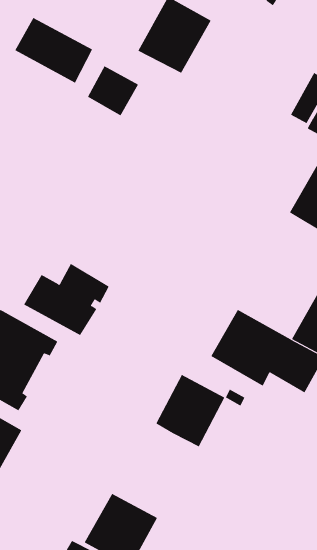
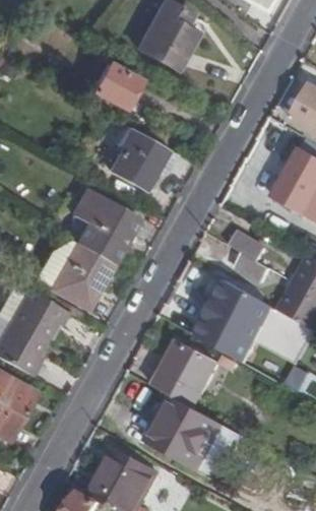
building: [15,17,93,84] -> none
building: none -> [110,130,166,189]
building: none -> [72,189,138,262]
building: none -> [230,232,269,280]
building: none -> [150,395,236,475]

